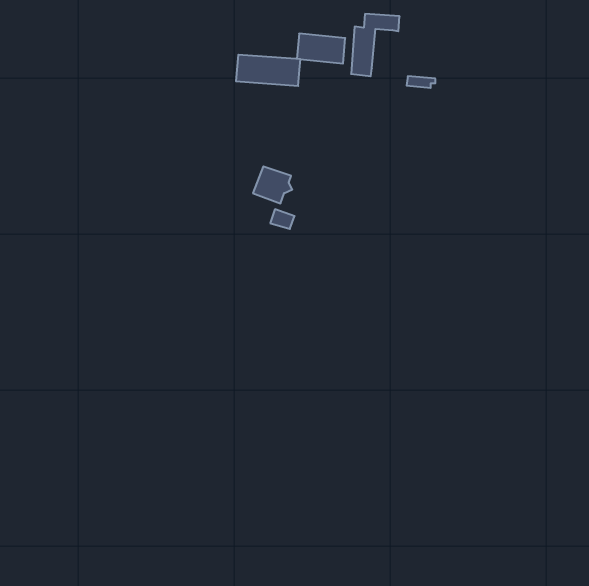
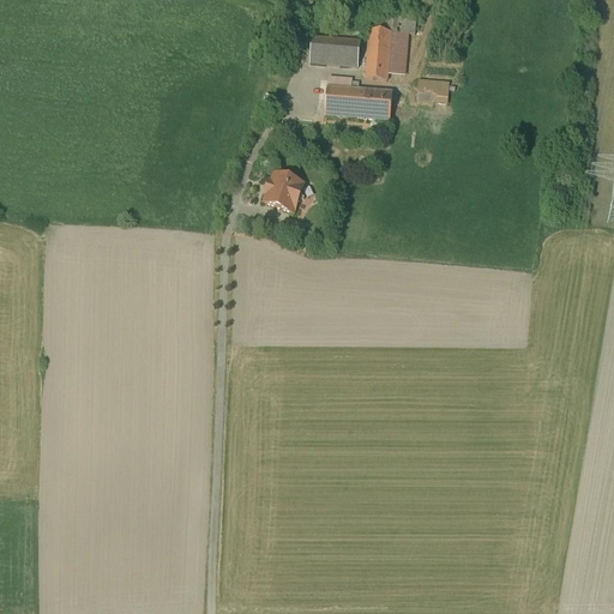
building: none -> [386,30,408,72]
building: [236,55,301,86] -> [324,86,391,119]

